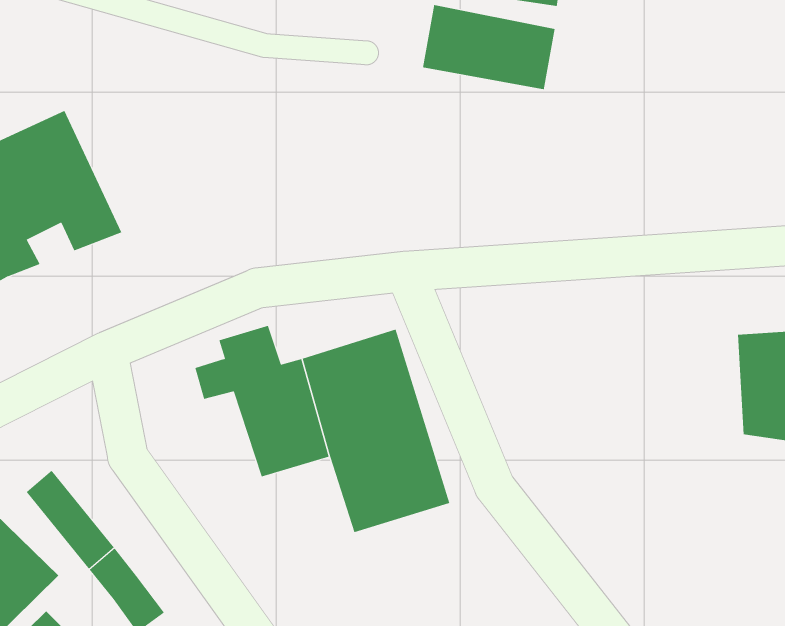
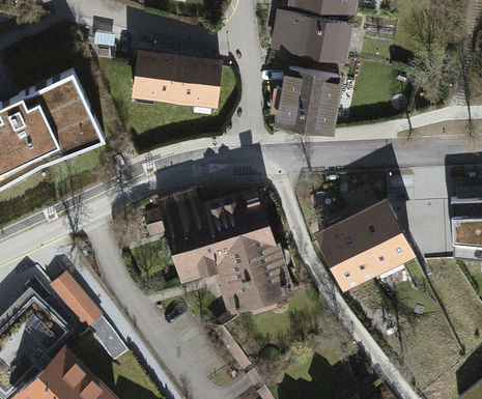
building: none -> [135,53,221,105]
building: none -> [273,69,340,135]
building: none -> [316,198,416,290]

